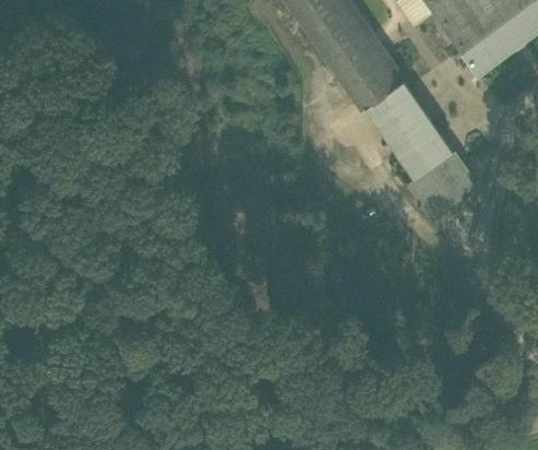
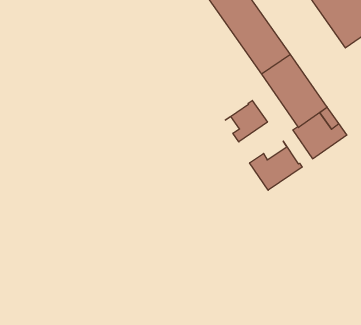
building: none -> [225,100,267,142]
building: none -> [250,141,302,190]

